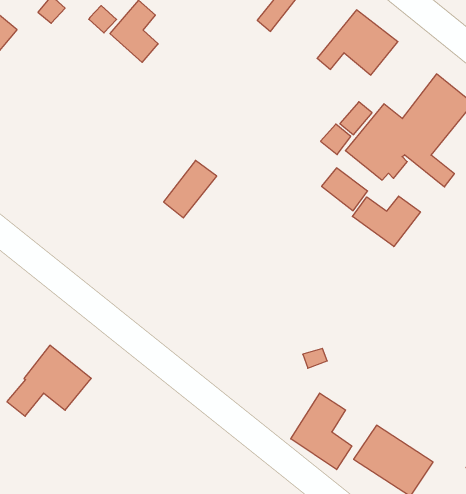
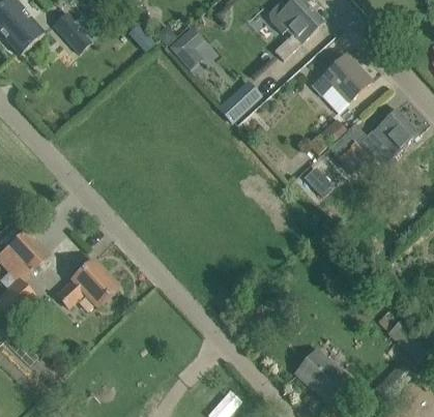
building: [164,160,217,218] -> [219,81,259,120]
building: [352,196,420,247] -> none
building: [291,393,352,470] -> none

